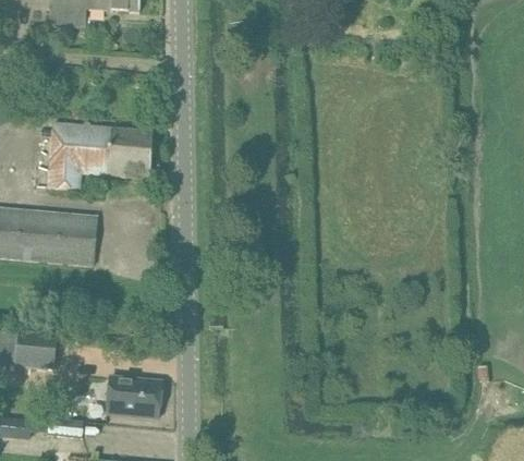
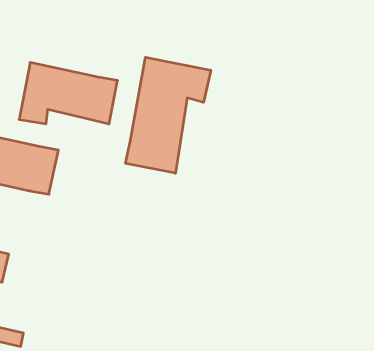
building: none -> [126,57,211,173]
building: [107,377,161,416] -> none

